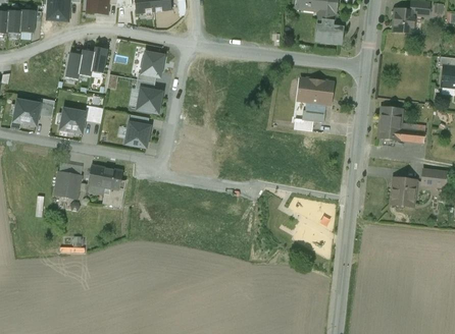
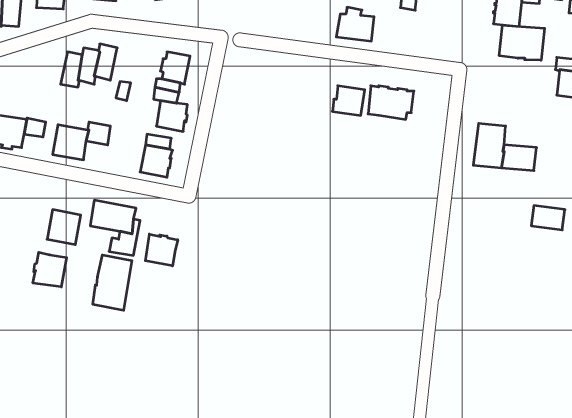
building: [314,18,343,44] -> [336,7,374,41]
building: none -> [499,25,545,60]
building: [302,100,326,122] -> [332,86,365,115]
building: [392,177,415,203] -> none
building: none -> [145,234,178,266]
building: none -> [33,252,67,287]
building: none -> [93,255,132,310]

